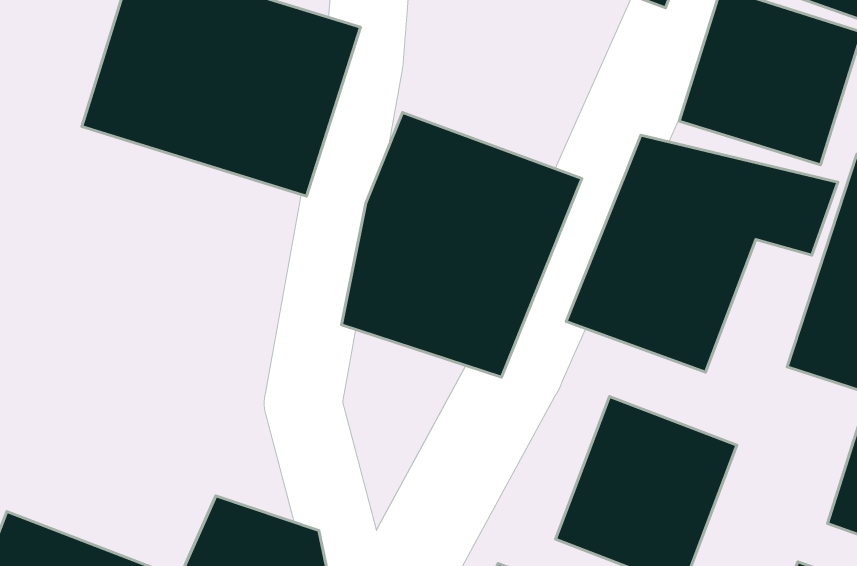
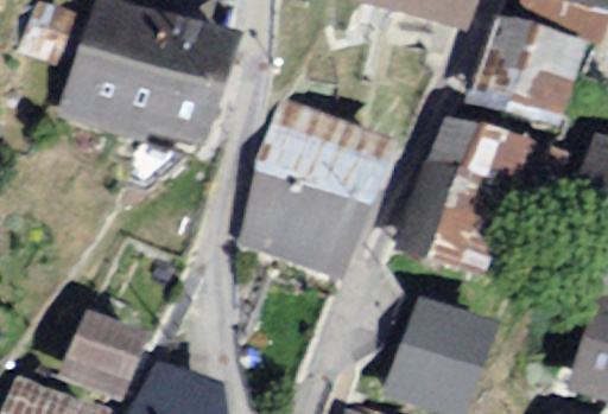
building: none -> [59,310,156,400]

